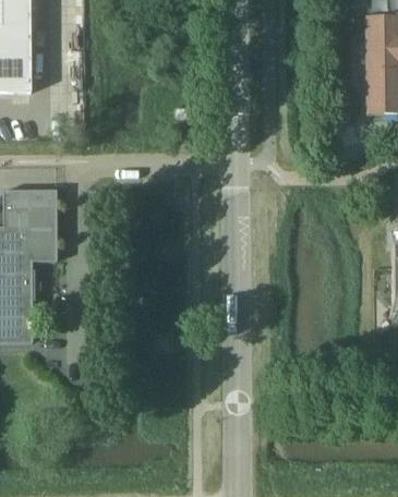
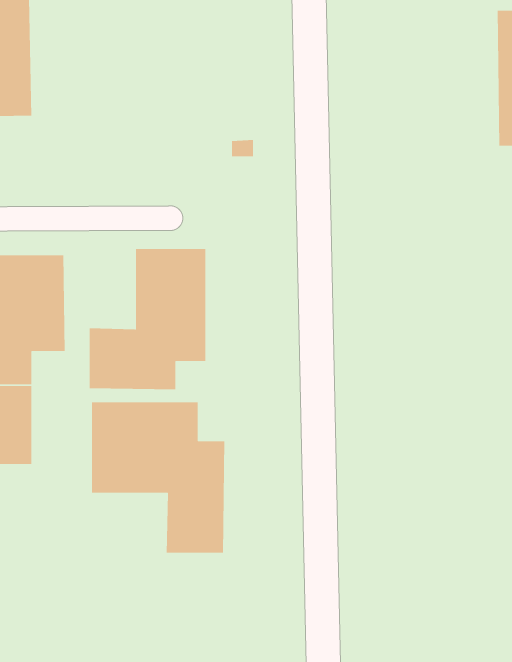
building: none -> [89,248,206,390]
building: none -> [91,402,225,553]

